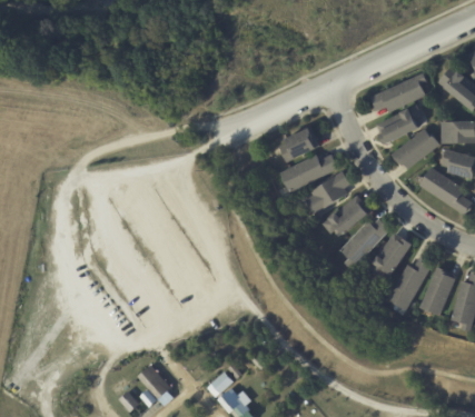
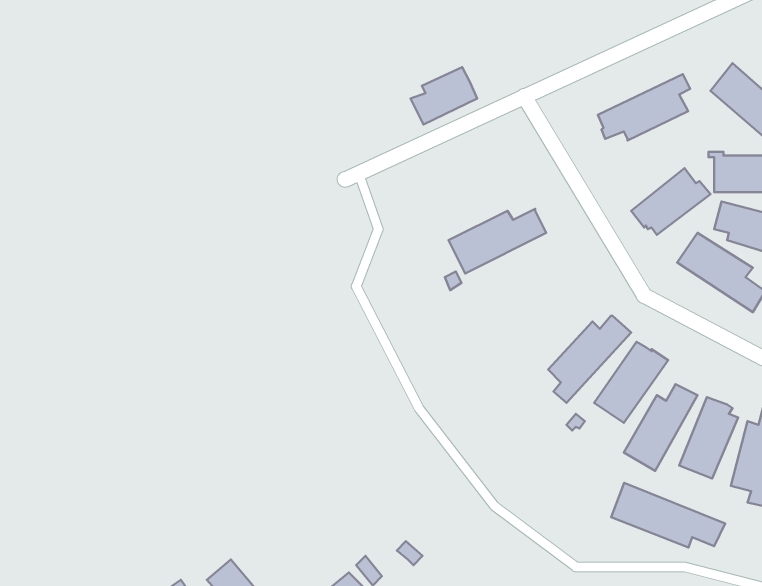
building: [376,103,422,145] -> none
building: [280,127,320,161] -> [411,67,477,124]
building: [306,170,350,215] -> none
building: [323,195,372,235] -> none
building: none -> [611,483,725,547]

